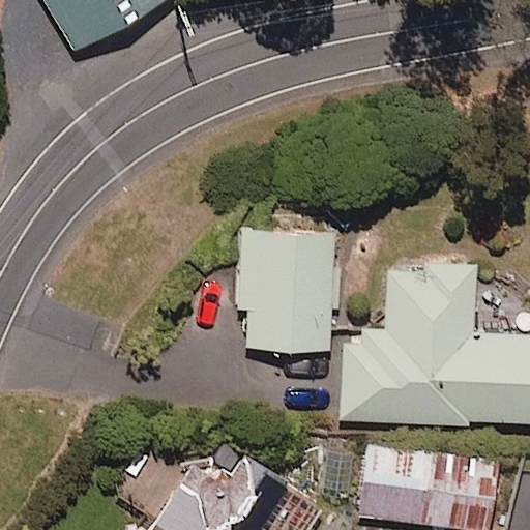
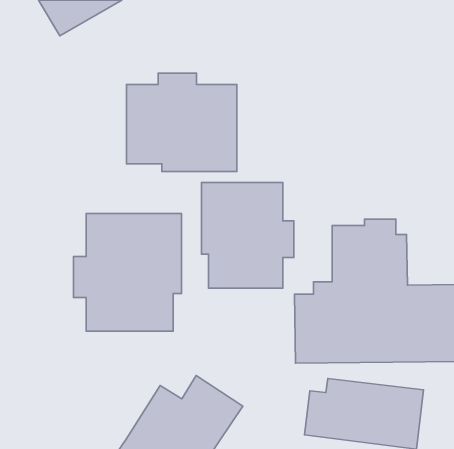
building: none -> [126,73,237,171]
building: none -> [74,214,181,331]

